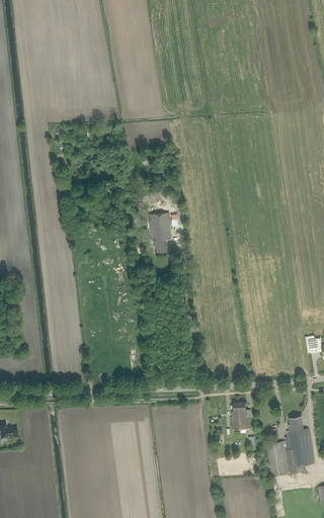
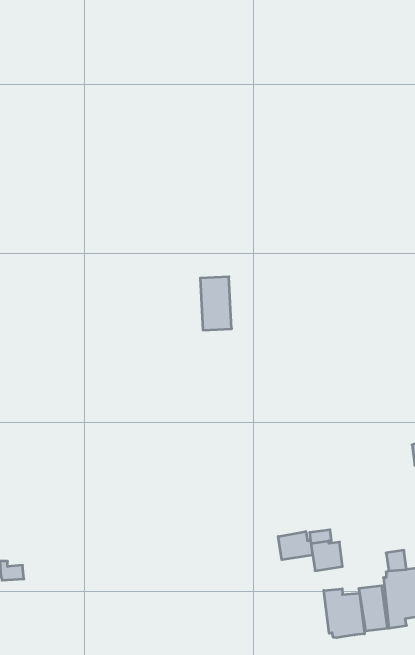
building: none -> [278,531,313,560]
building: none -> [324,589,364,638]

